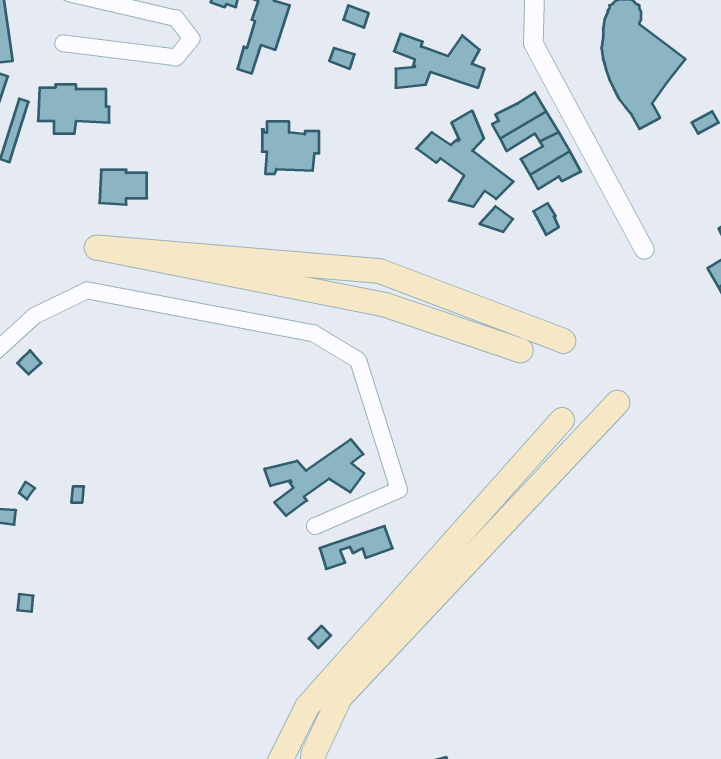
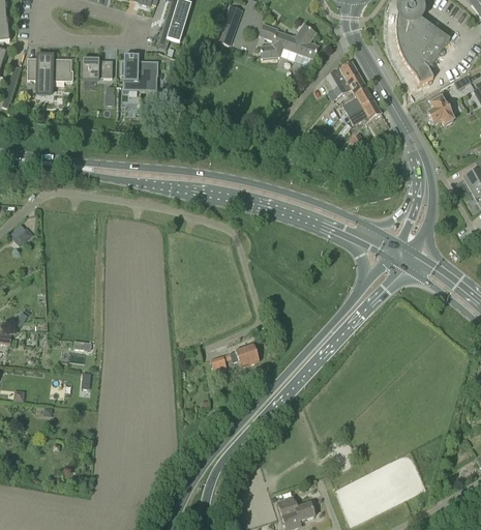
building: [416,111,513,207] -> none
building: [262,122,319,174] -> [120,55,157,89]
building: none -> [427,89,455,124]
building: [99,170,147,205] -> [81,58,112,81]
building: [265,439,364,516] -> none

